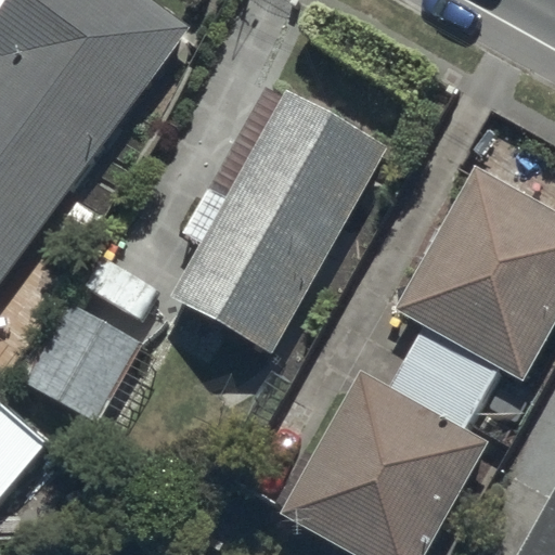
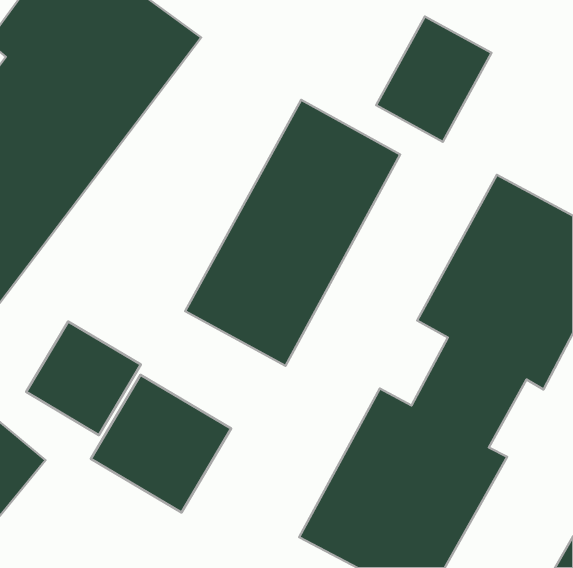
building: none -> [376,16,491,142]
building: none -> [91,375,231,513]

